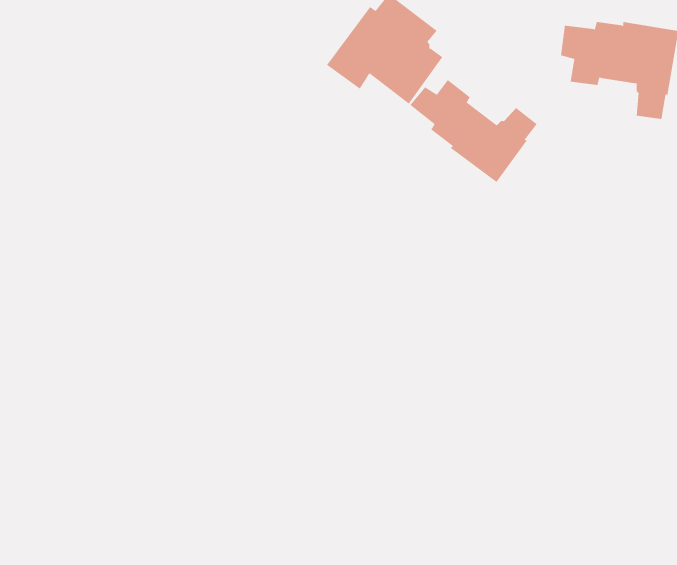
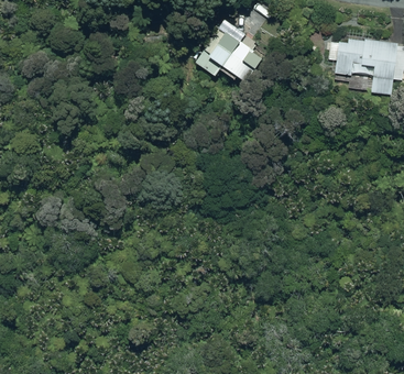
building: [410,79,537,183] -> none

